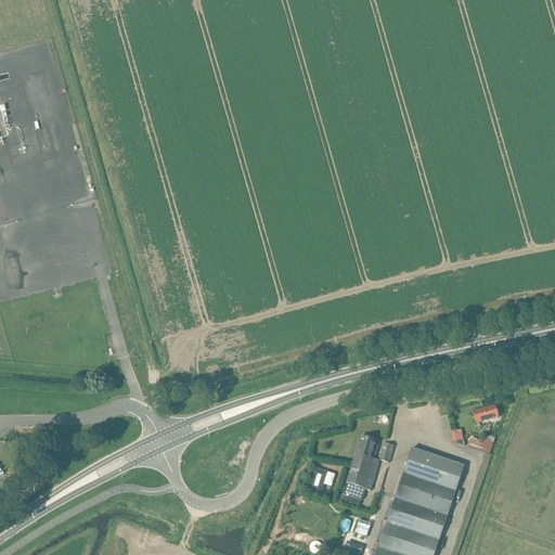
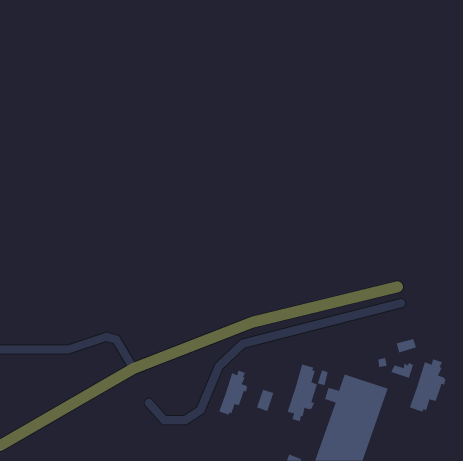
building: none -> [409,359,446,413]
building: none -> [219,370,248,416]

